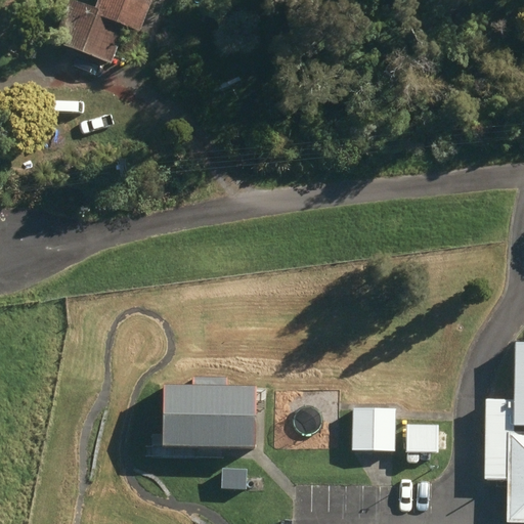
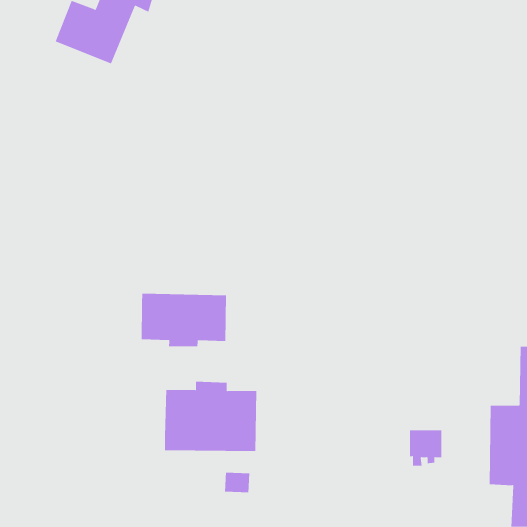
building: none -> [141,293,227,347]
building: [352,409,395,451] -> none

